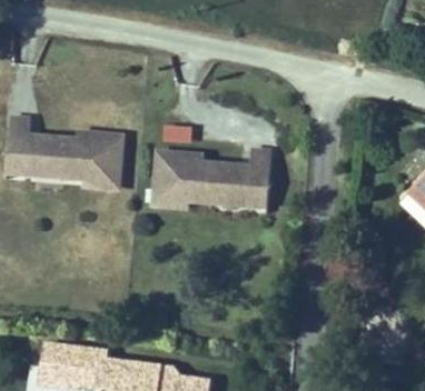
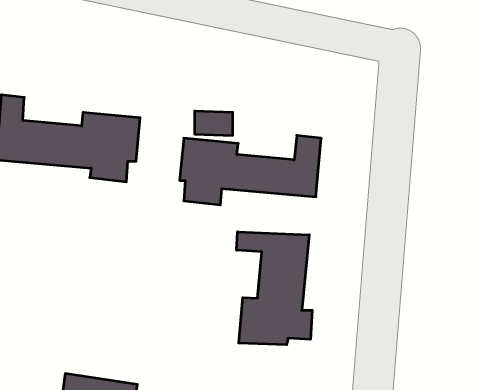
building: none -> [237,232,312,345]

